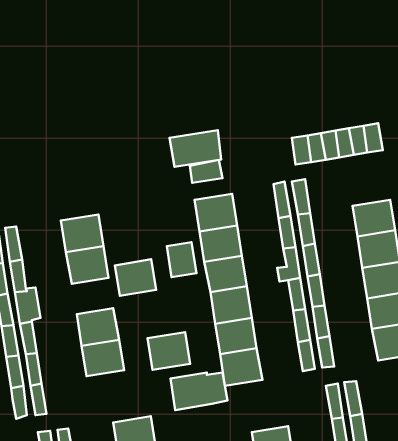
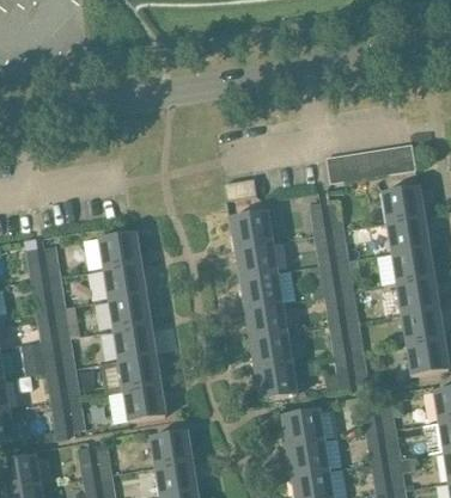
building: [170,130,221,167] -> none
building: none -> [382,187,423,225]
building: [167,242,196,277] -> none
building: [115,259,156,296] -> [110,295,151,331]
building: [148,332,190,370] -> [124,386,166,423]
building: [170,372,227,410] -> [282,410,339,447]

